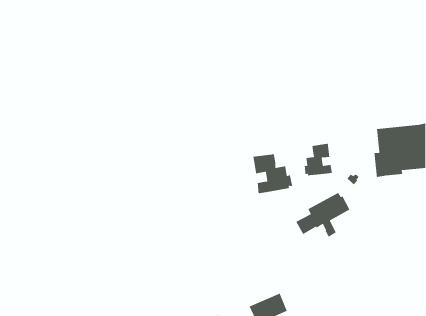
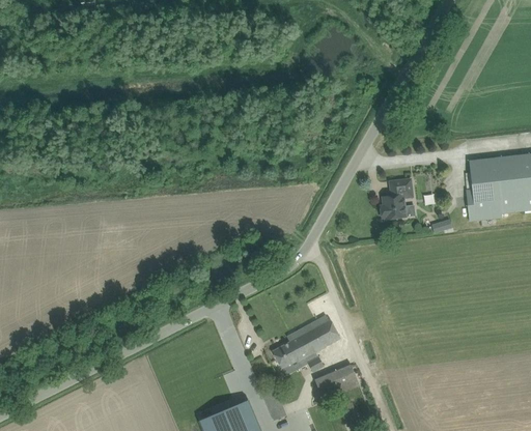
building: [253,153,293,194] -> none
building: [295,192,351,238] -> [273,316,340,372]

